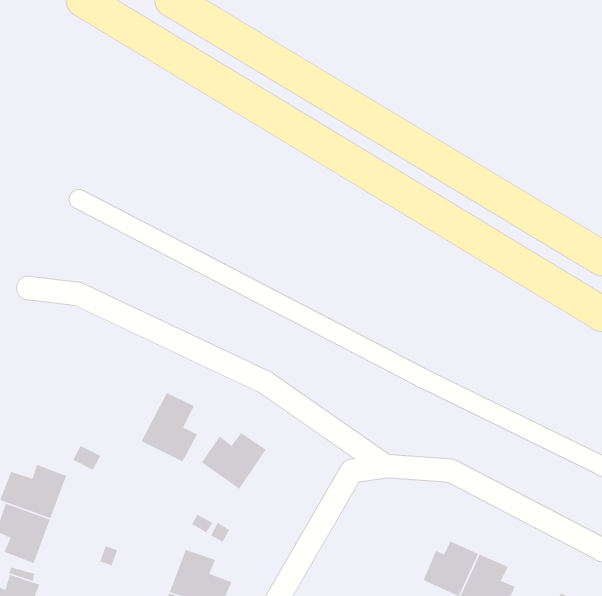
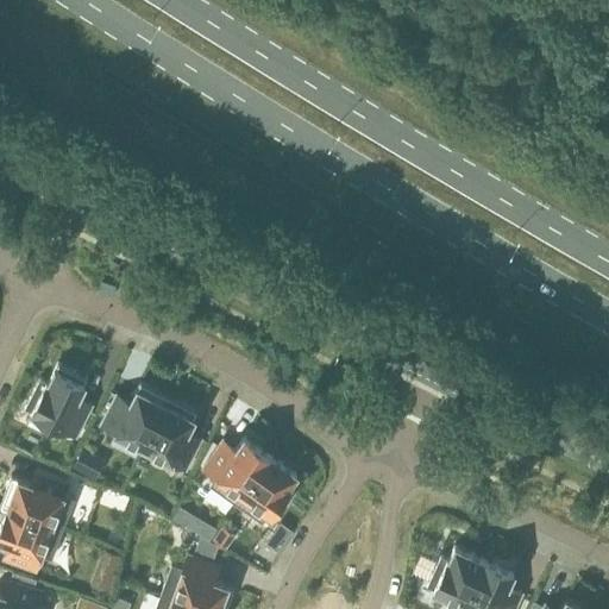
building: none -> [24,369,90,440]
building: none -> [100,388,168,452]
building: none -> [241,460,295,525]

